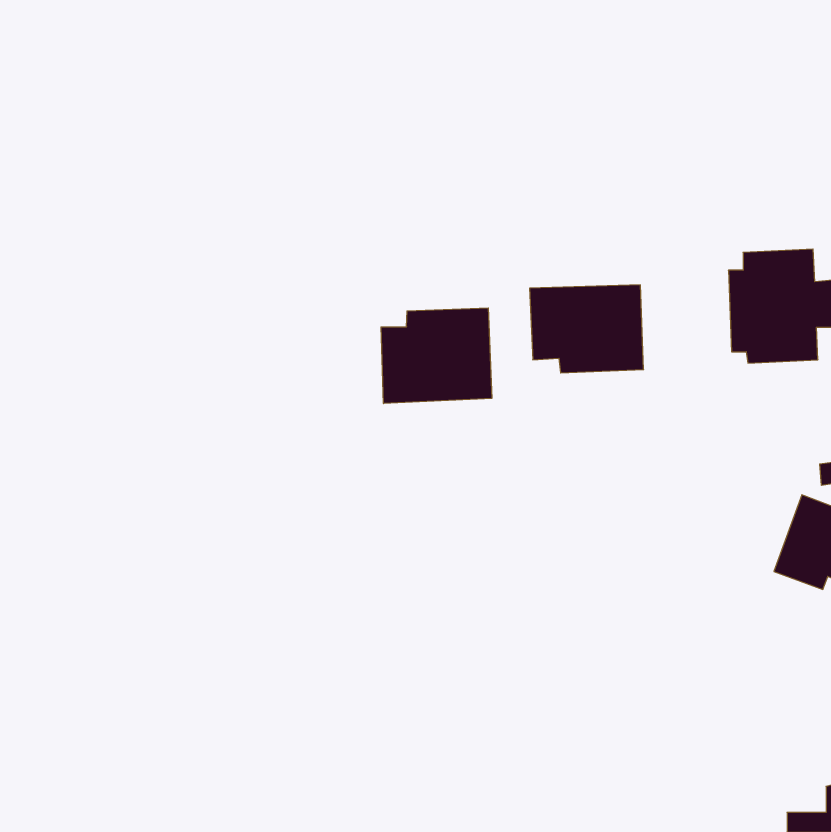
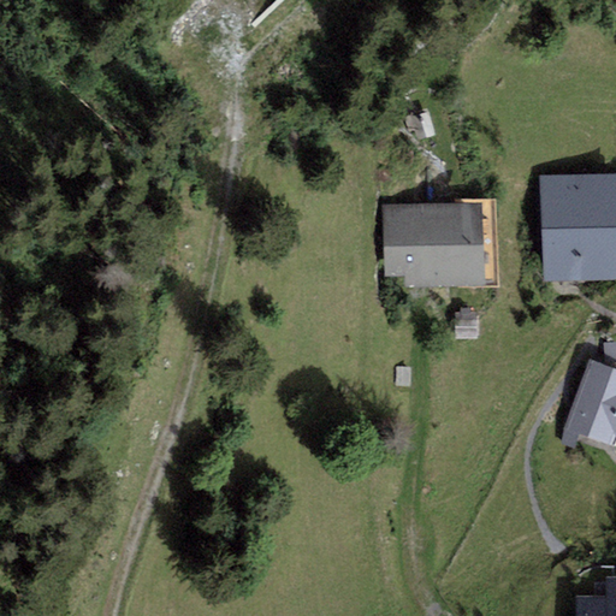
building: [381,308,492,404] -> none

